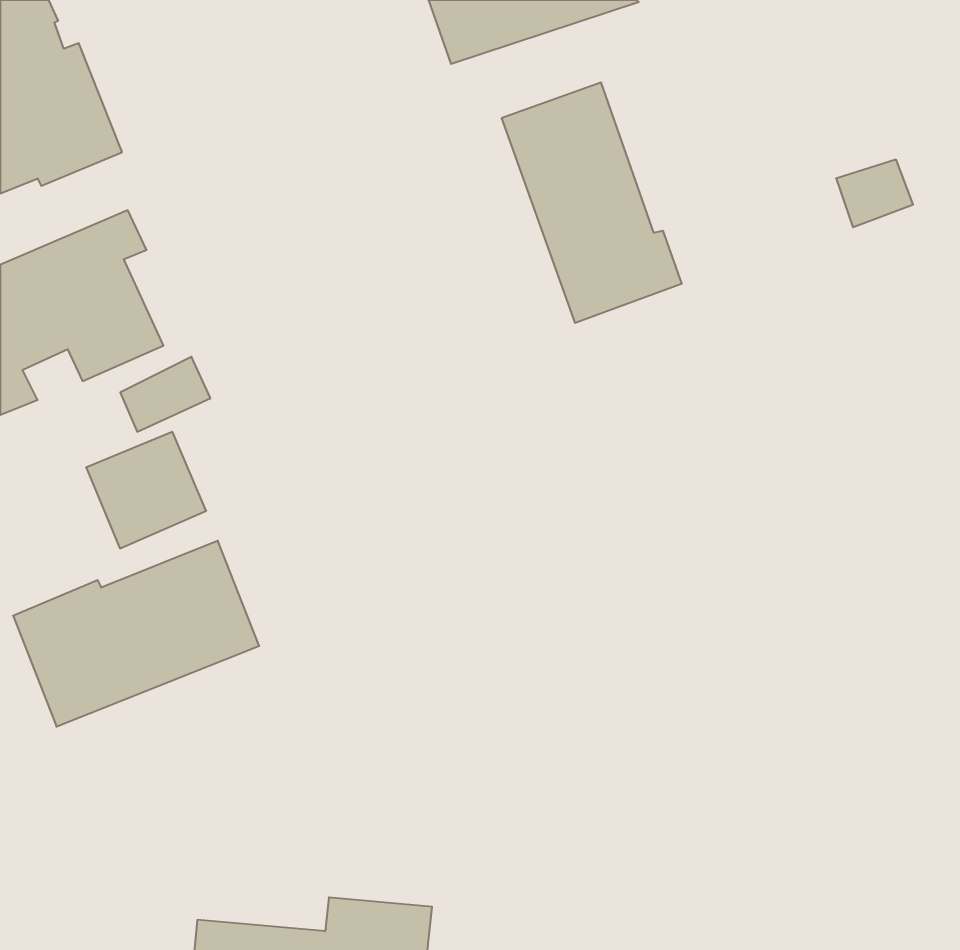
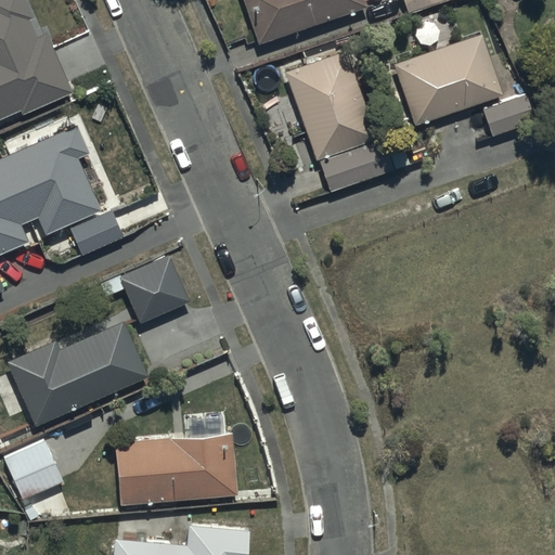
building: none -> [393,35,504,126]
building: [86,432,206,548] -> [120,255,190,322]
building: none -> [116,431,238,504]
building: none -> [5,441,63,499]

